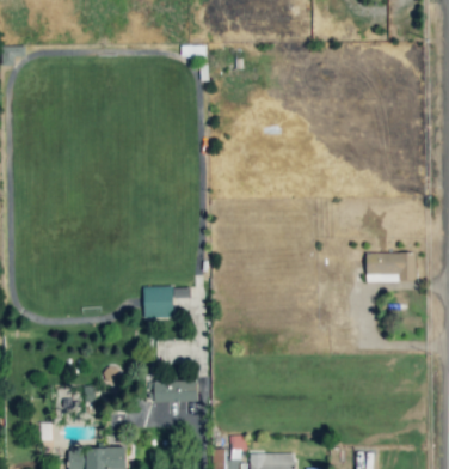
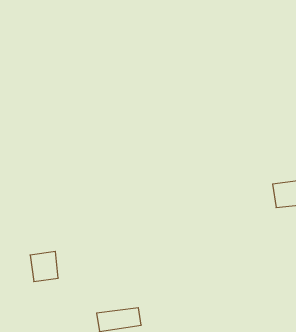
building: [143,285,173,317] -> [30,251,58,282]

